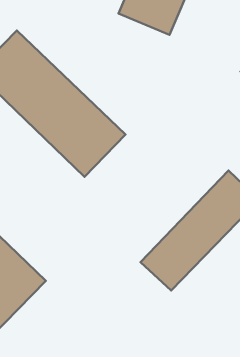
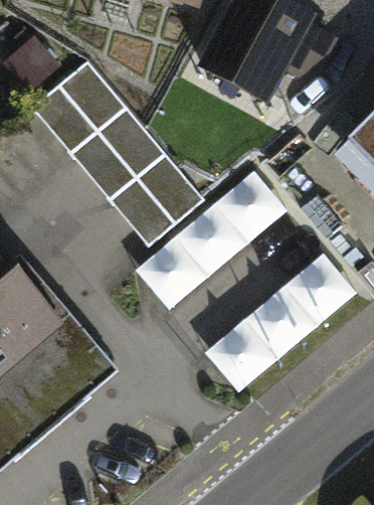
building: none -> [139,172,288,308]

